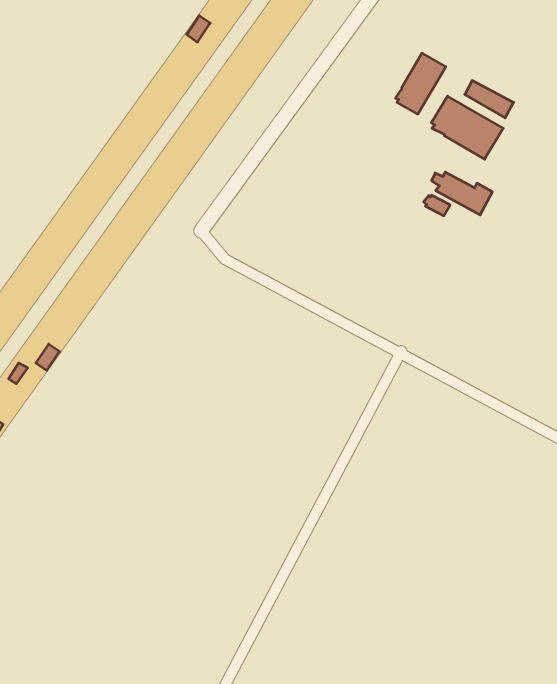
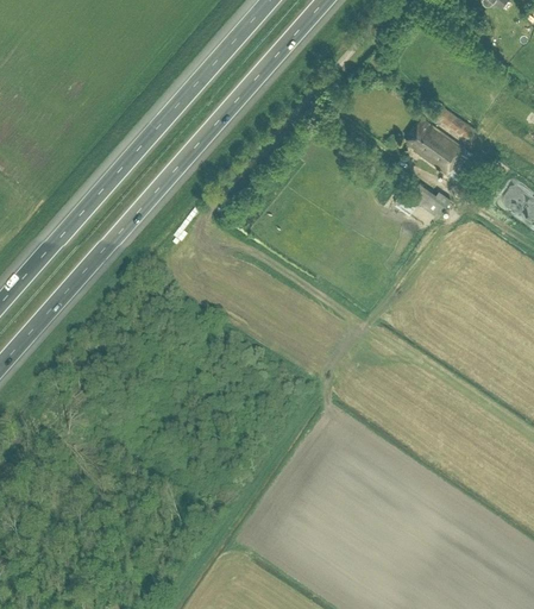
building: [396,53,446,114] -> none

